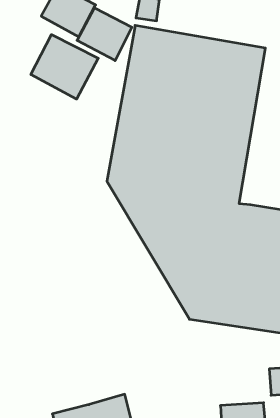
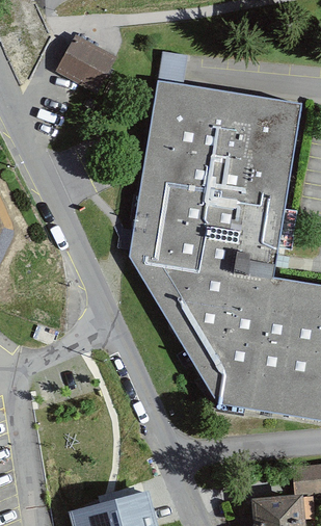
building: [77,8,132,61] -> none
building: [31,35,98,99] -> none

